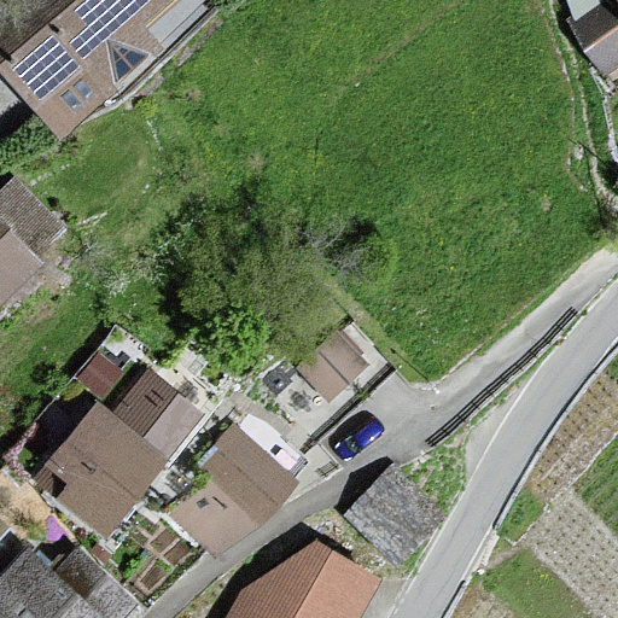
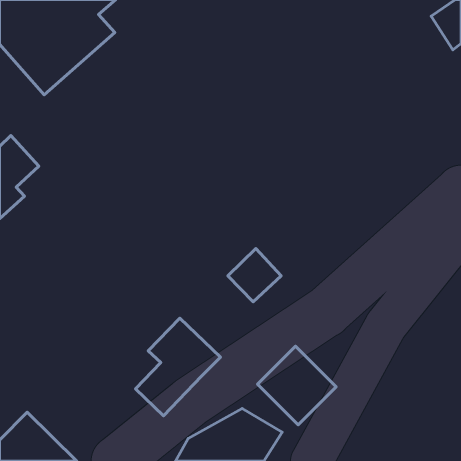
building: [40,380,192,537] -> none

